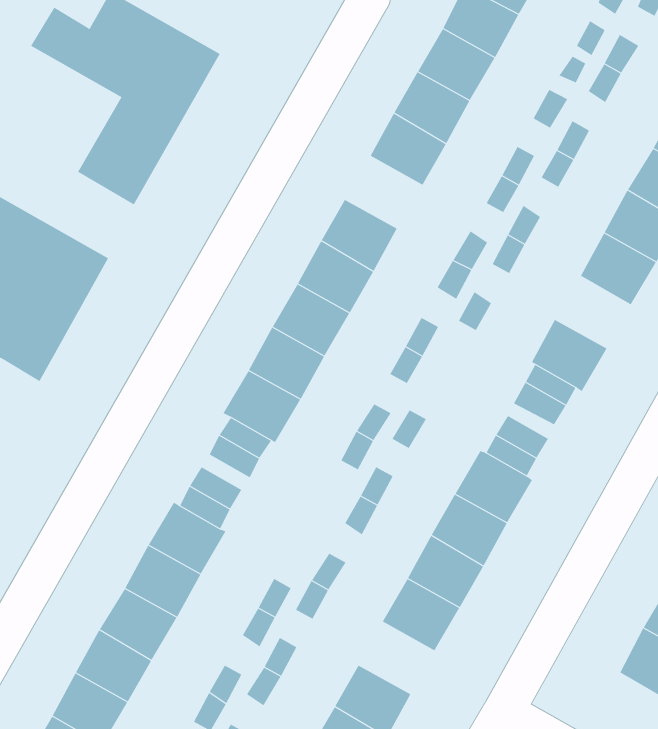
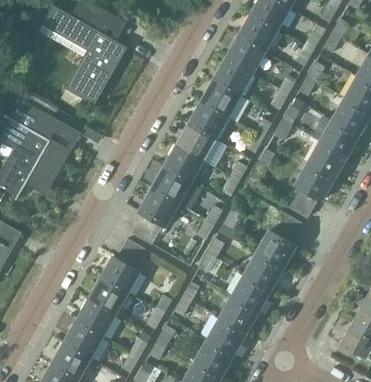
building: none -> [199,81,239,118]
building: none -> [306,142,345,179]
building: none -> [206,318,245,355]

